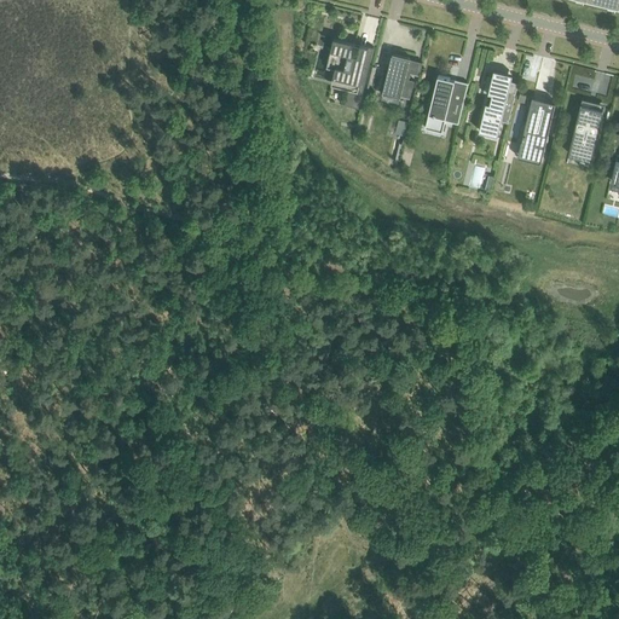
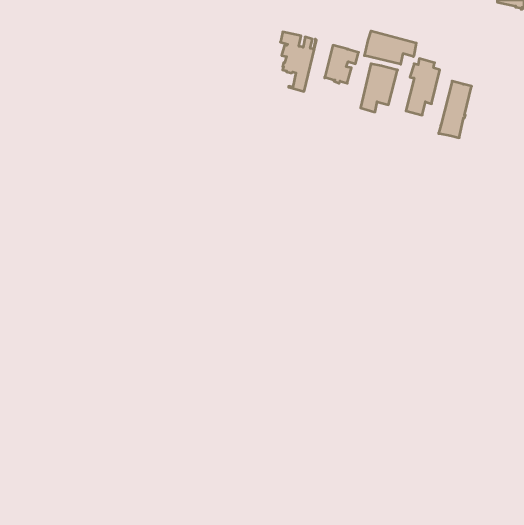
building: none -> [364,31,416,64]
building: [568,98,602,158] -> none

